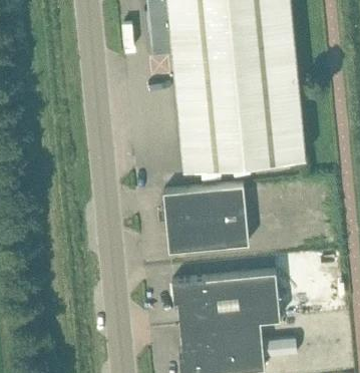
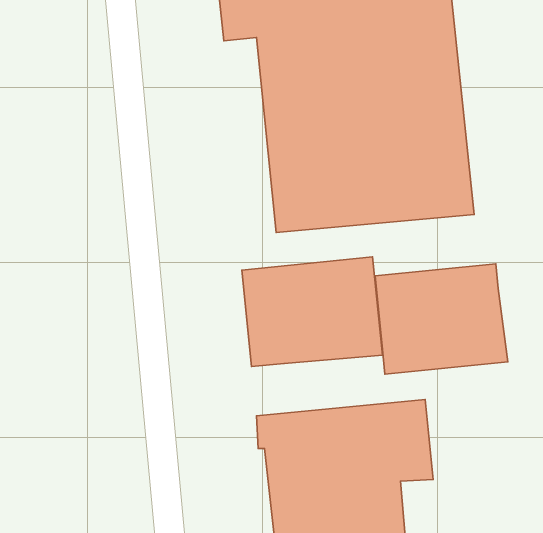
building: none -> [375,264,508,374]

